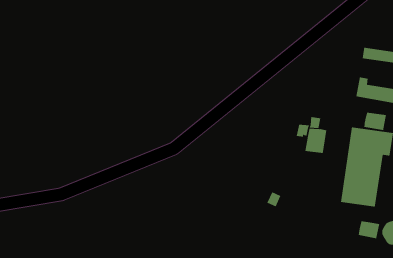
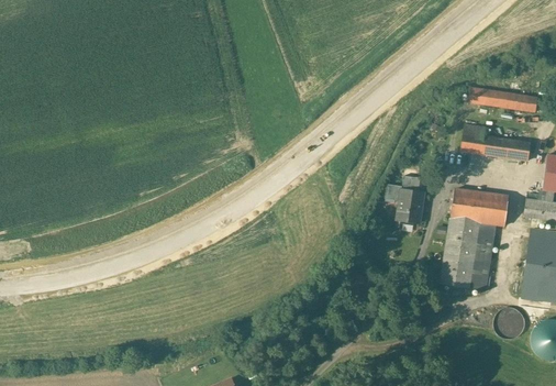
building: [364,112,387,131] -> none
building: [358,221,380,239] -> none

